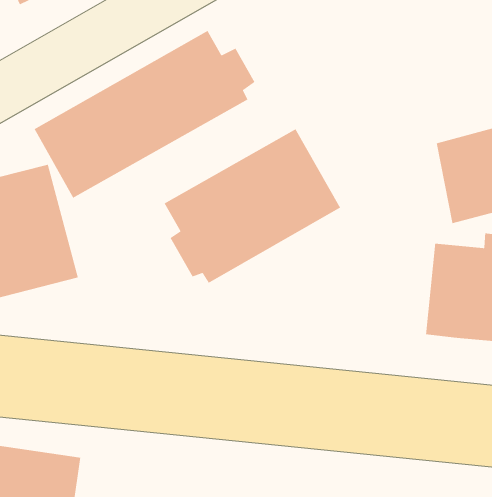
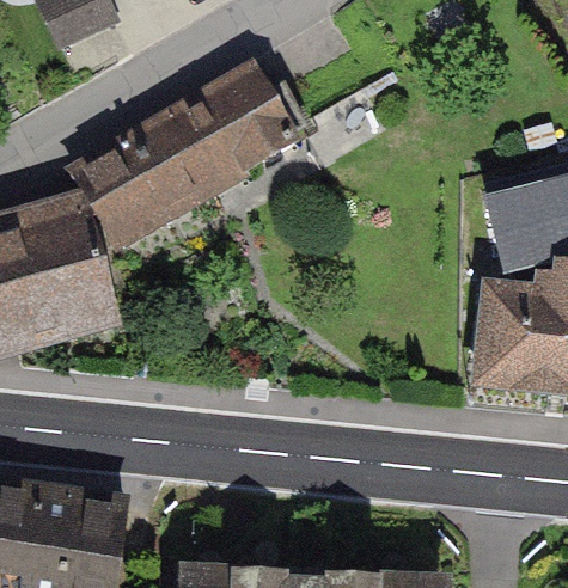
building: [164,128,341,284] -> none

